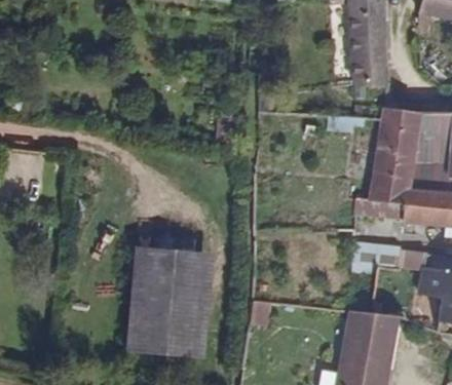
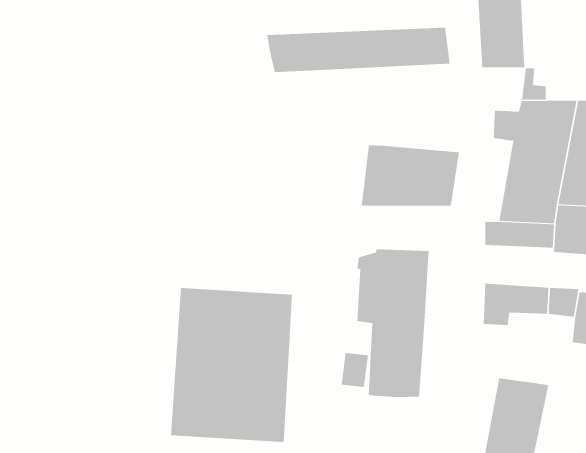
building: none -> [266,27,450,73]
building: none -> [361,144,460,206]
building: none -> [357,248,429,398]

